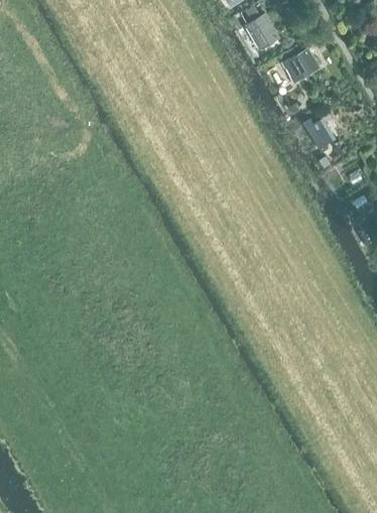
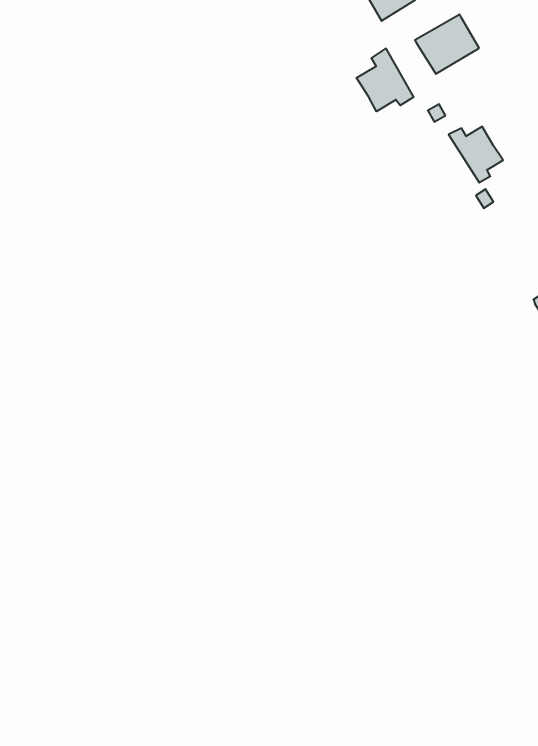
building: none -> [357,48,414,111]

